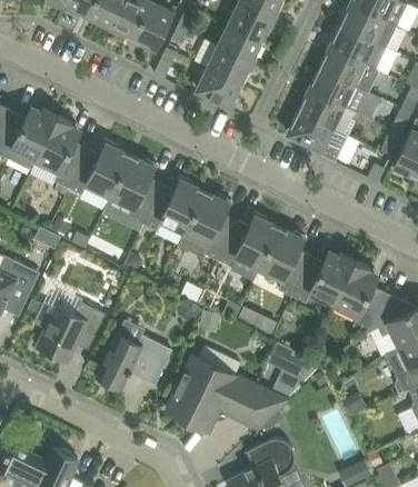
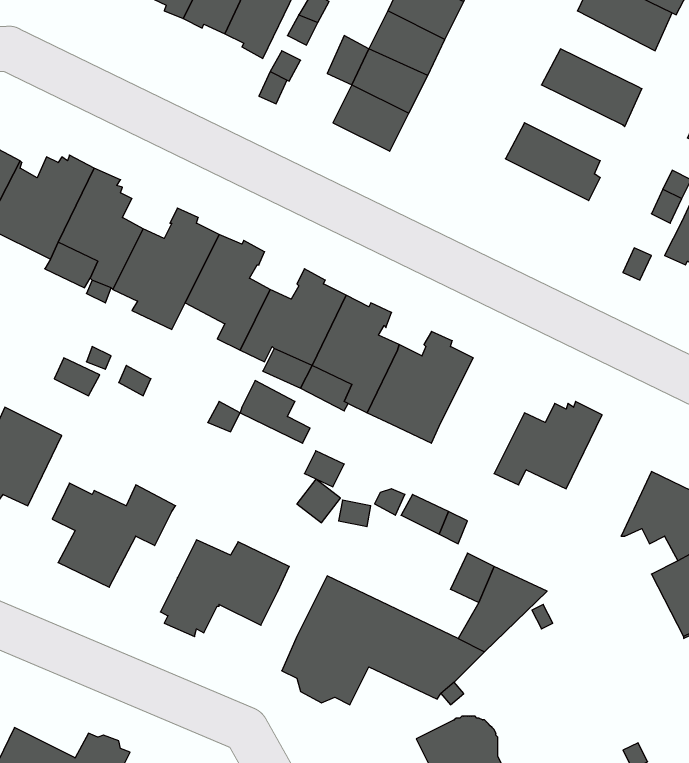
building: [330,23,386,68] -> none
building: [309,67,367,112] -> none
building: [287,110,347,161] -> none
building: [101,195,142,231] -> [240,381,310,443]
building: [259,227,310,295] -> none
building: [334,260,384,331] -> none

